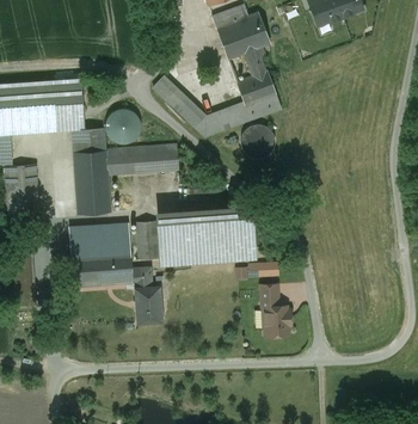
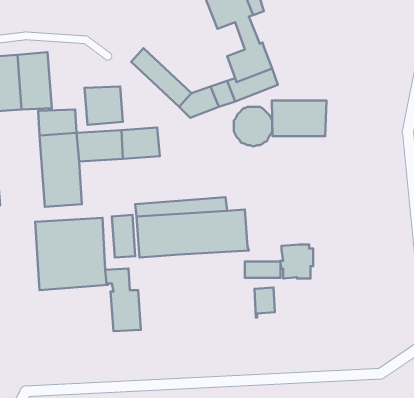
building: none -> [272,100,326,136]
building: [262,307,290,337] -> [280,244,313,279]

